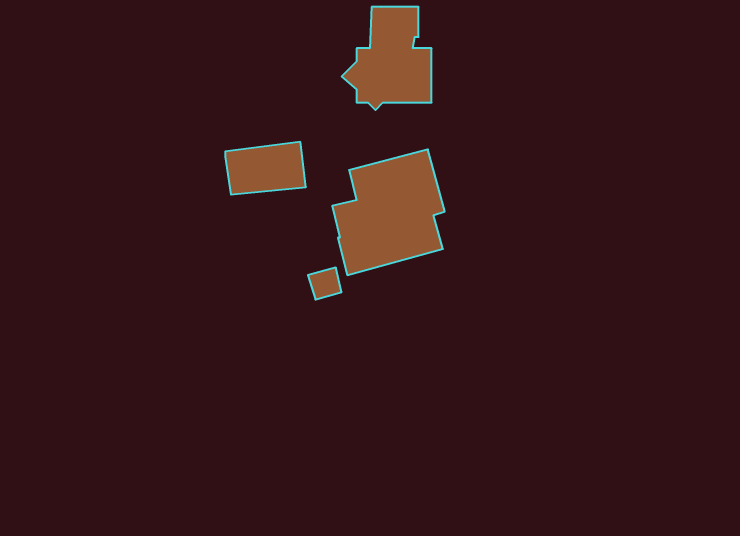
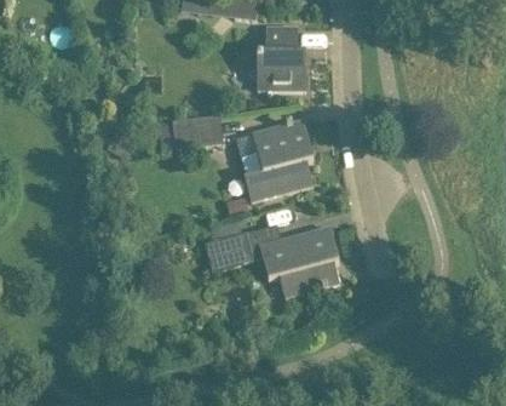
building: none -> [203,218,253,270]
building: none -> [259,225,339,293]

